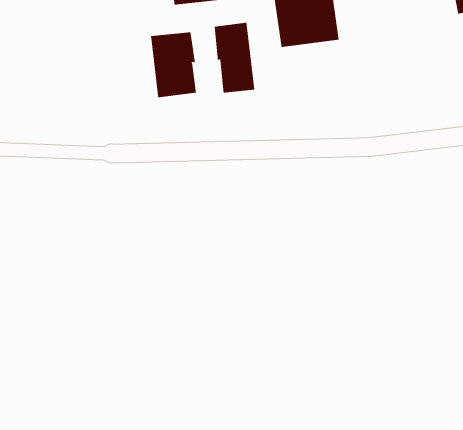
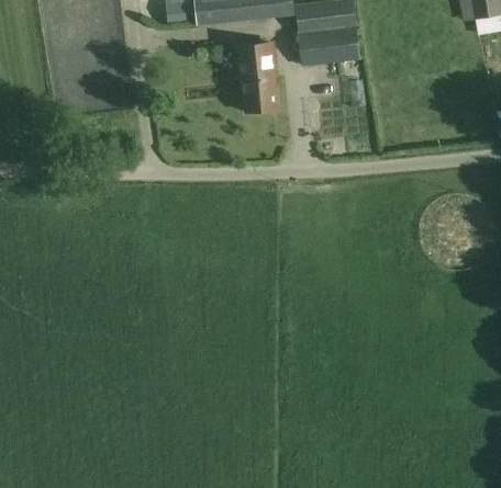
building: [151,31,197,98] -> none

